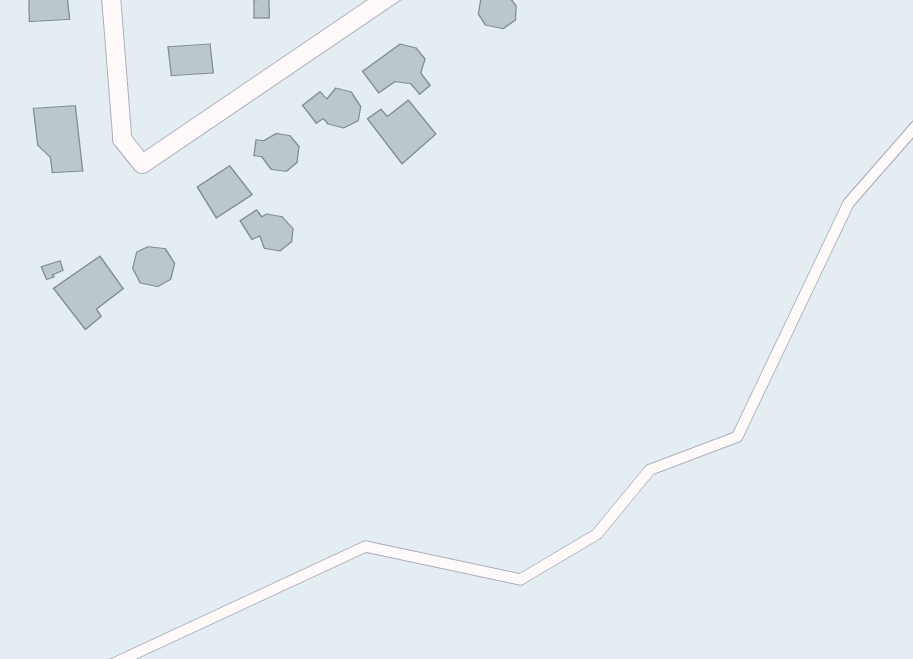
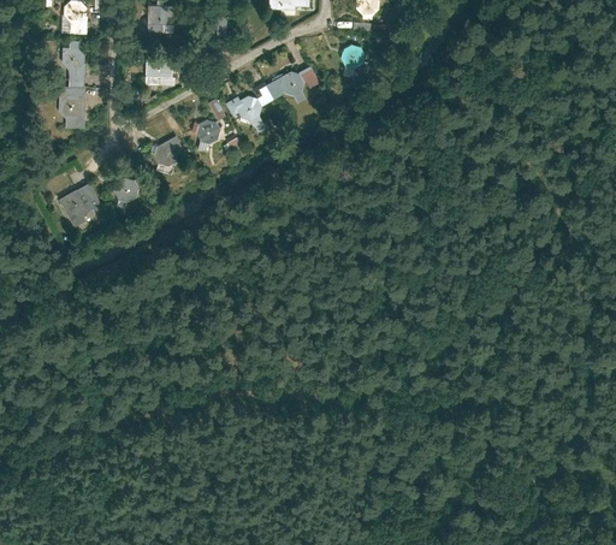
building: none -> [64,40,85,75]
building: [367,100,436,164] -> none
building: [240,210,293,251] -> none

